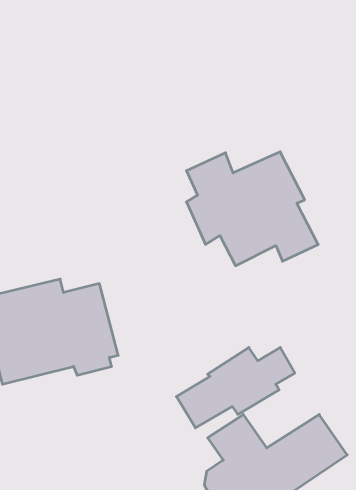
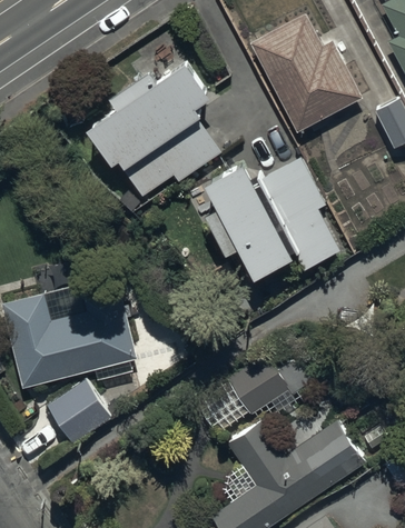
building: none -> [249,16,360,132]
building: none -> [88,59,221,202]
building: none -> [46,379,111,444]

